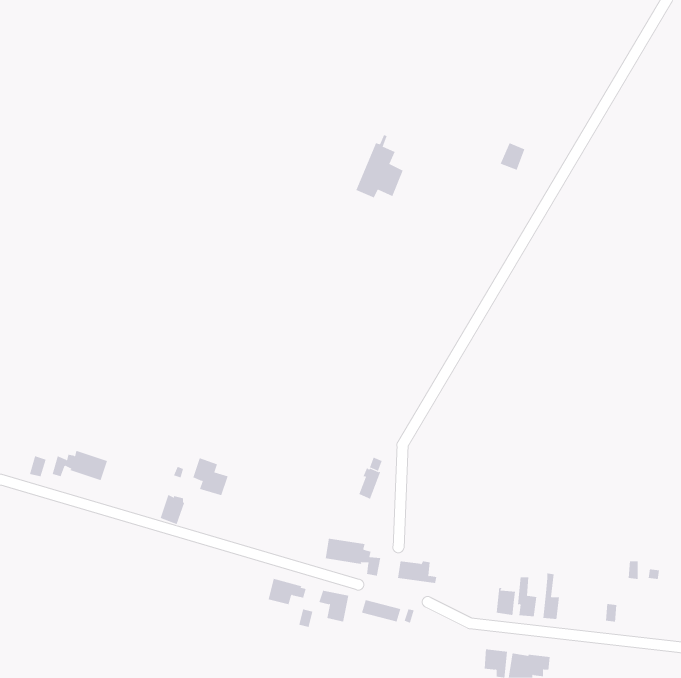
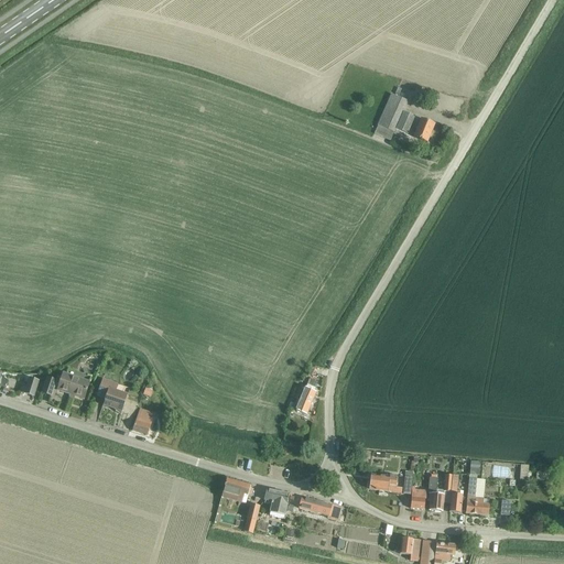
building: [355,134,403,198] -> [375,86,414,139]
building: [193,457,228,496] -> [97,378,127,410]
building: [325,538,381,577] -> none
building: [397,561,437,584] -> [369,474,402,492]
building: none -> [466,477,489,514]

